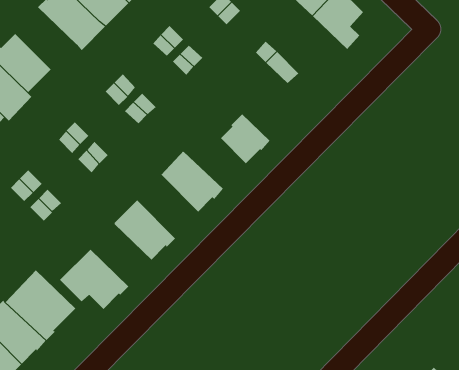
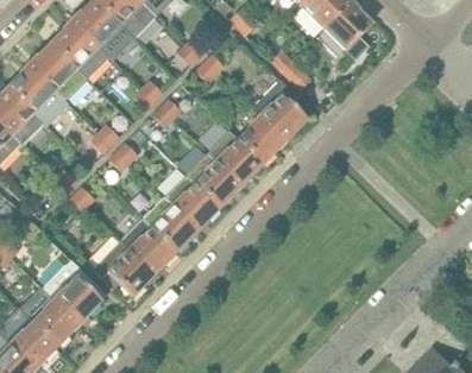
building: none -> [51,19,107,76]
building: none -> [251,78,307,141]
building: none -> [206,128,263,185]
building: none -> [164,173,219,230]
building: none -> [120,217,176,274]

